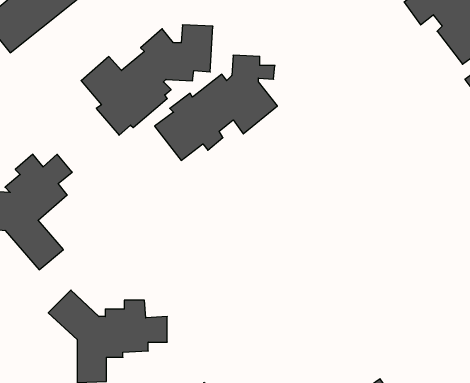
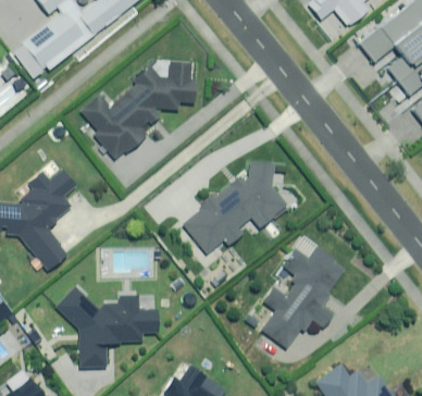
building: [155,55,277,160] -> [184,160,289,250]
building: none -> [261,246,346,347]

